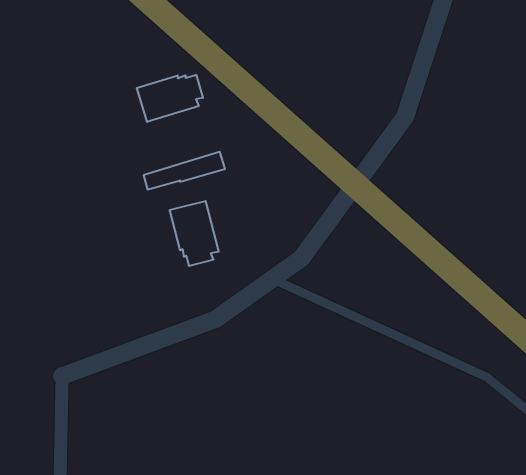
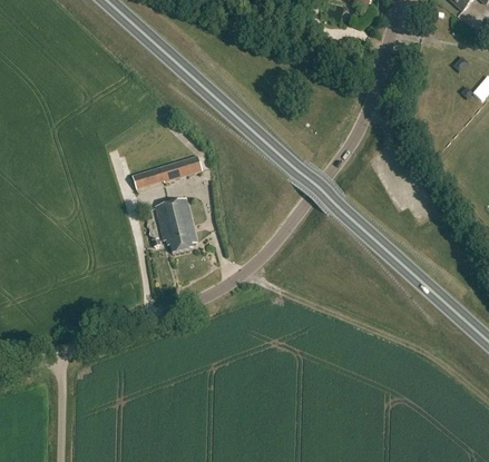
building: [137,75,203,122] -> none

